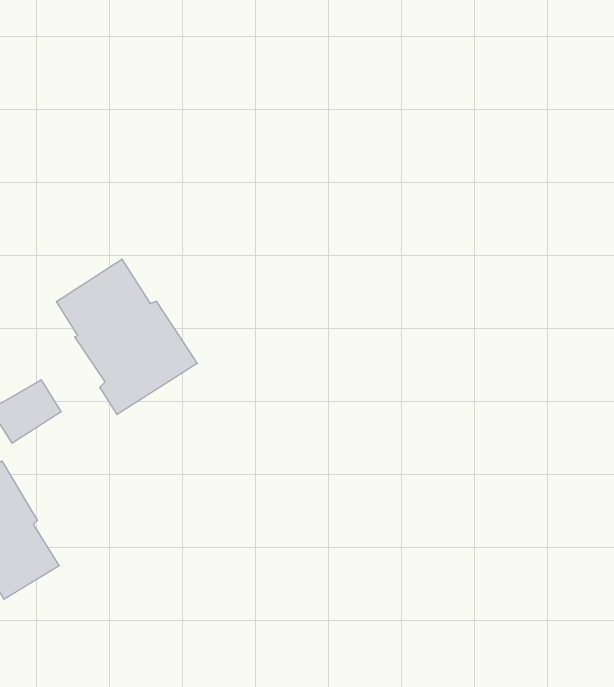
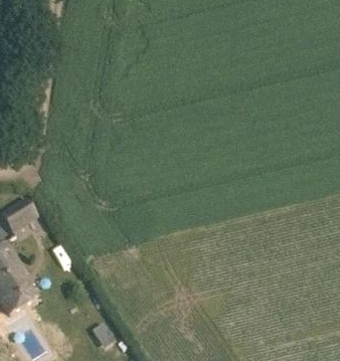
building: [56,259,197,415] -> none

